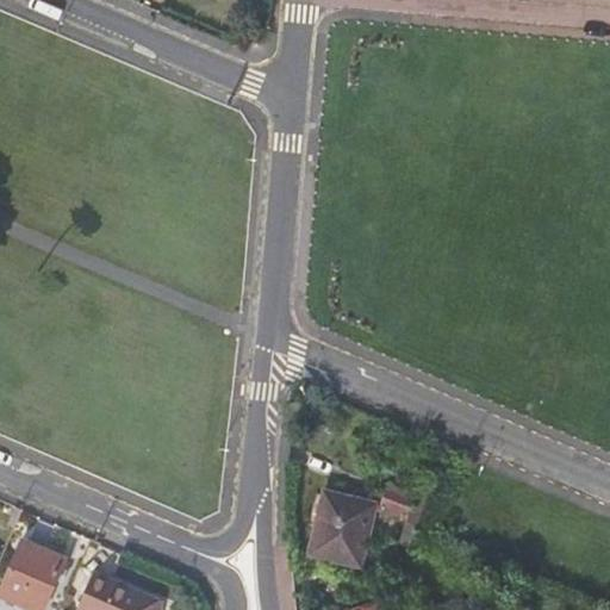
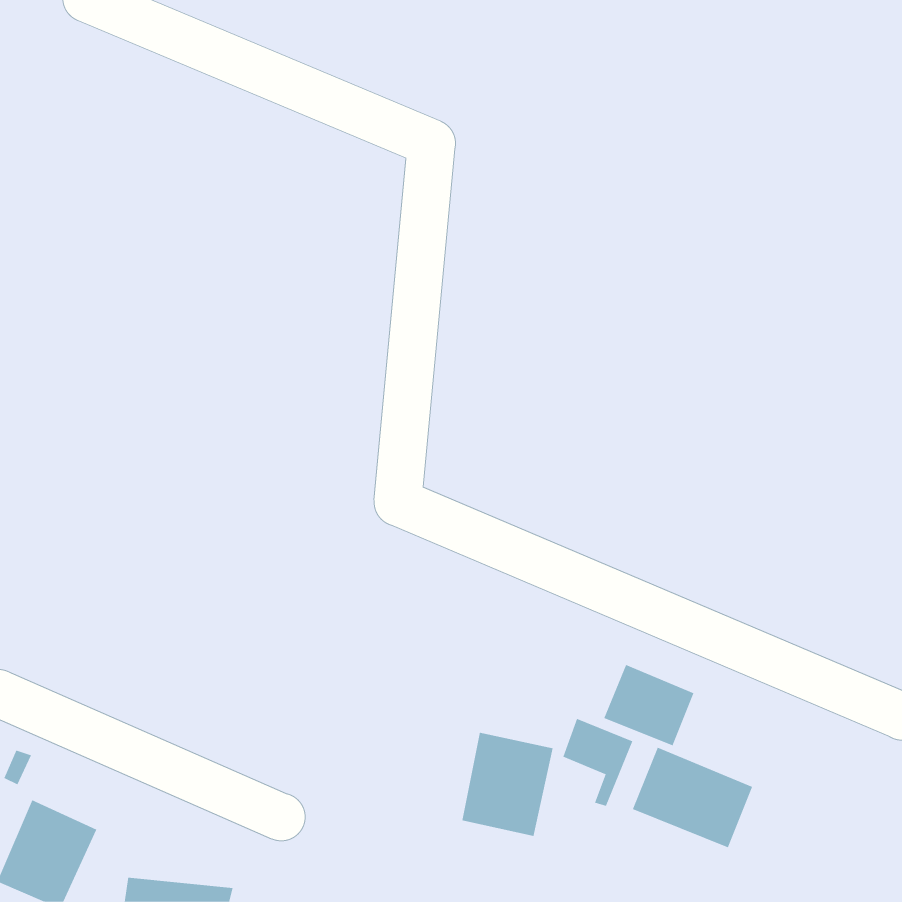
building: none -> [604,664,694,746]
building: none -> [632,747,753,848]

